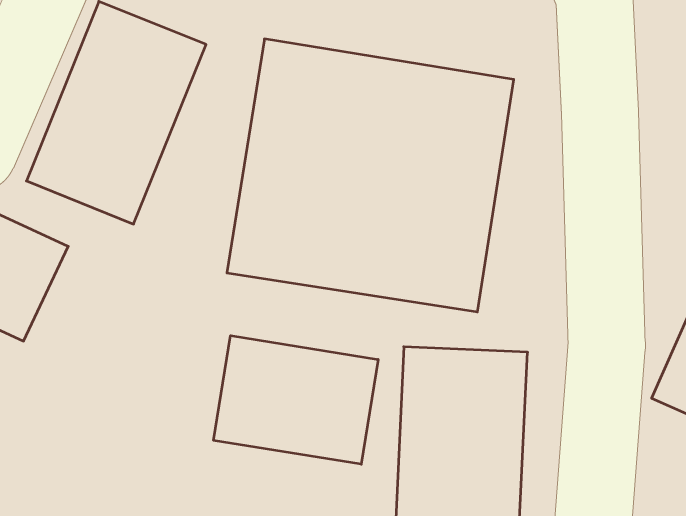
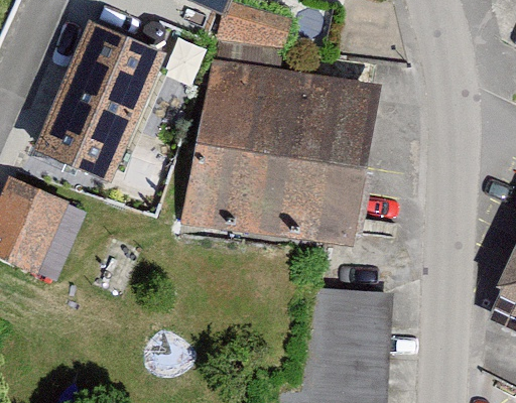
building: [214,336,378,464] -> none

